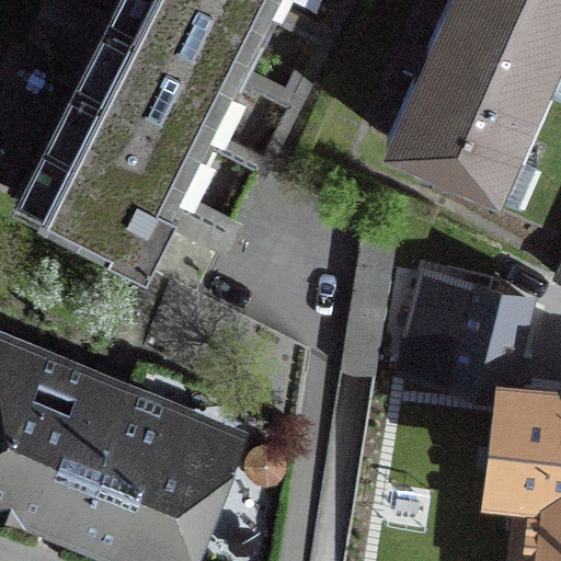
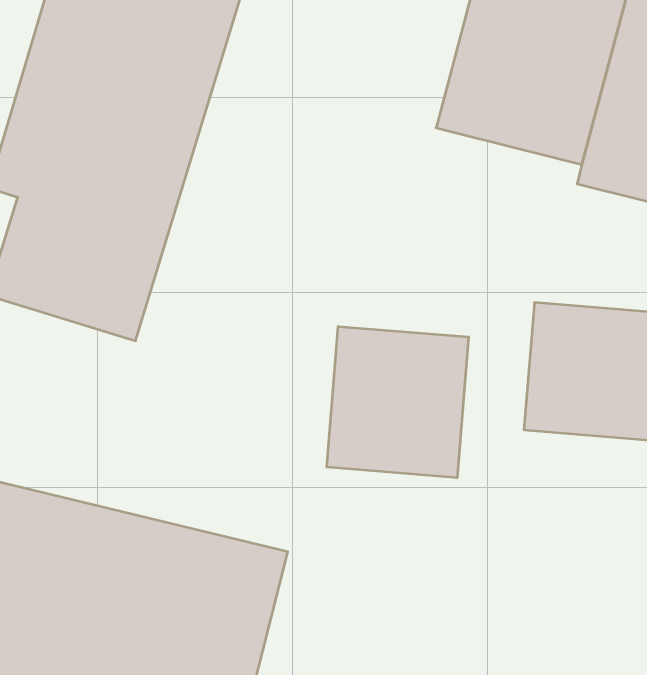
building: none -> [327,326,469,478]

